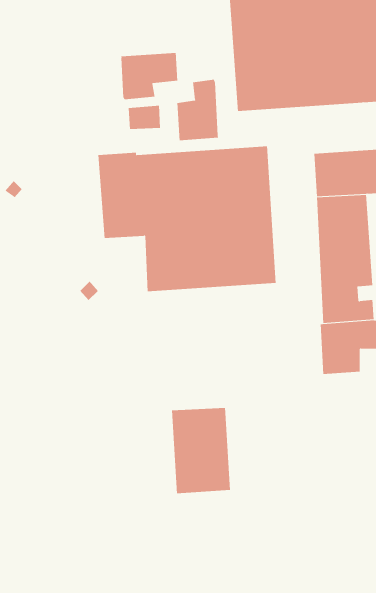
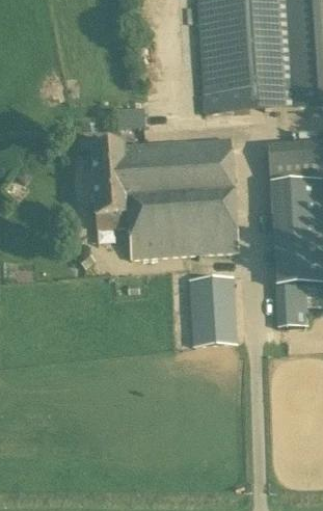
building: [121,52,178,100] -> none
building: [177,79,219,141] -> none
building: [171,408,231,494] -> [188,274,237,345]

